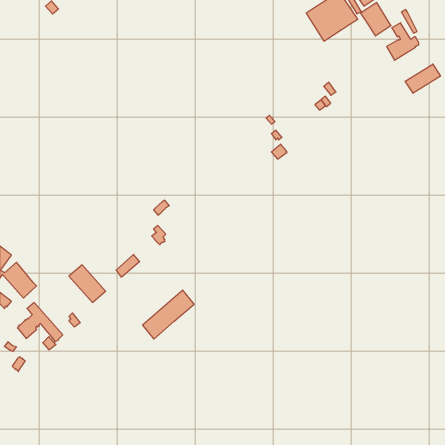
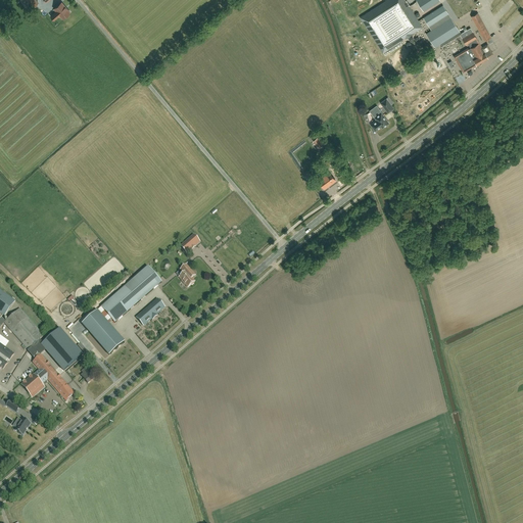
building: [405,64,441,93] -> none
building: none -> [41,328,81,369]
building: [143,290,194,339] -> [100,265,160,322]

